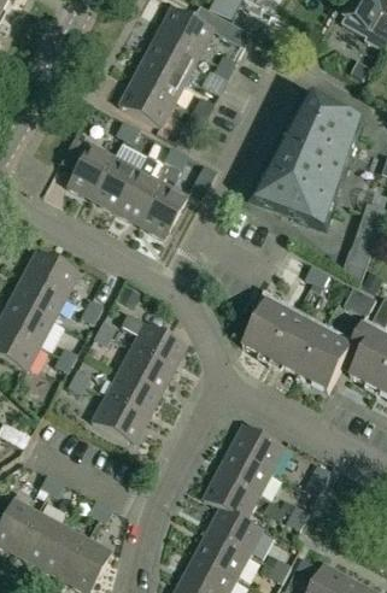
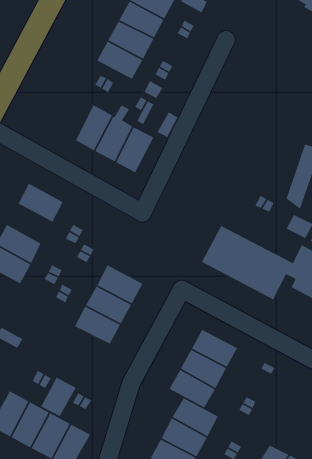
building: [247,82,364,225] -> none
building: [65,141,113,198] -> none
building: [10,274,65,321] -> none
building: [119,312,187,369] -> none
building: none -> [40,376,77,417]

